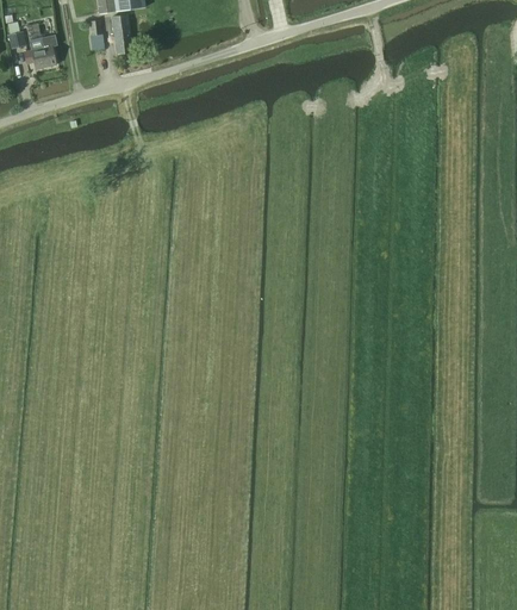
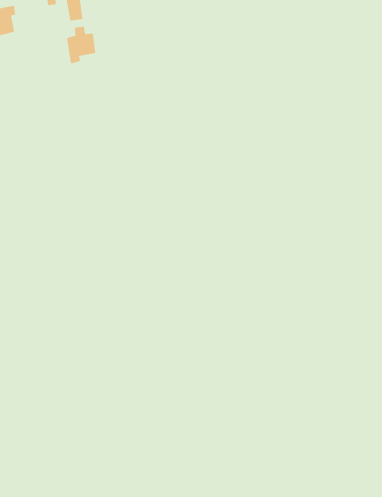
building: none -> [67,26,96,64]

